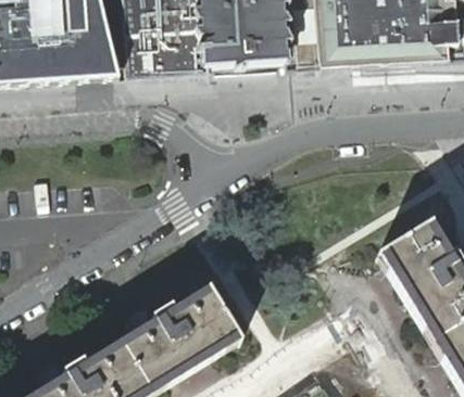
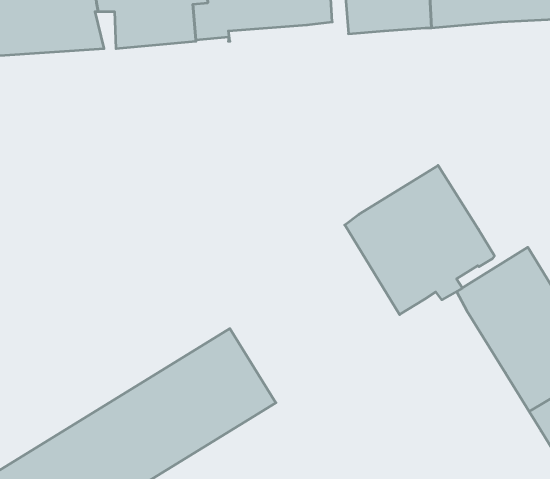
building: none -> [345,165,494,315]

